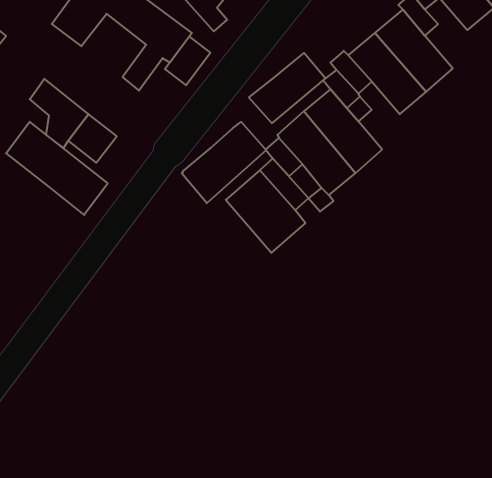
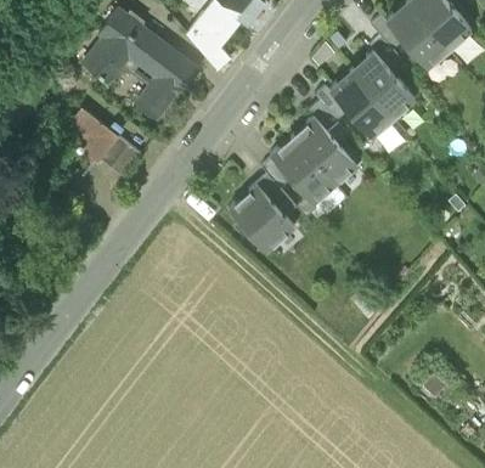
building: [165,37,210,85] -> none
building: [249,53,325,123] -> none
building: [6,122,108,215] -> none
building: [182,122,266,203] -> none

